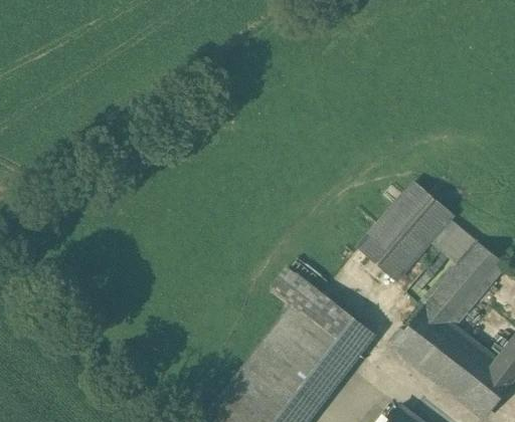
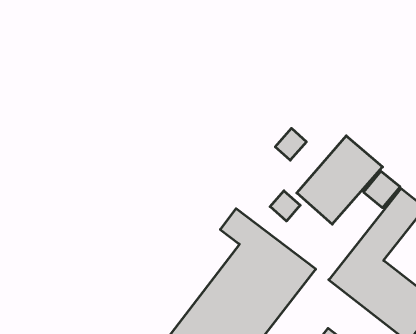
building: none -> [275,128,306,160]
building: none -> [270,191,300,221]

